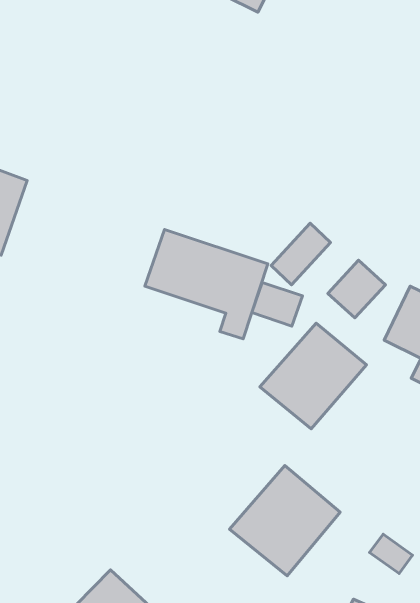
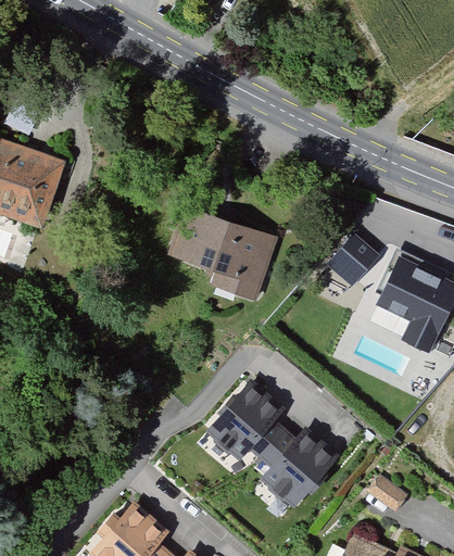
building: [271,223,331,285] -> none
building: [252,282,302,326] -> none
building: [260,323,367,429] -> [197,378,291,471]

